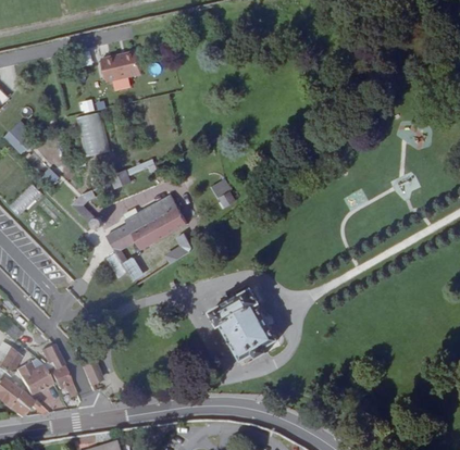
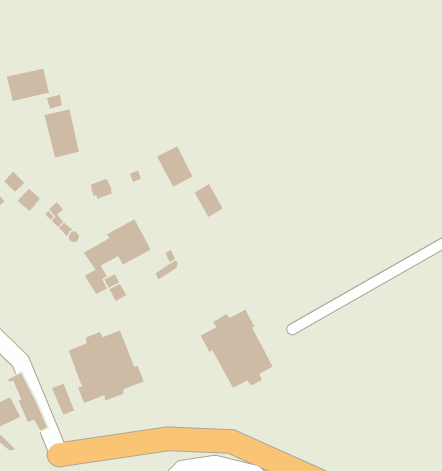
building: [98,50,137,80] -> [6,68,50,102]
building: [153,197,187,235] -> [156,145,194,188]
building: none -> [67,329,145,404]

